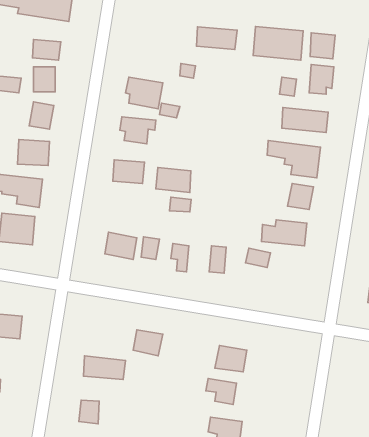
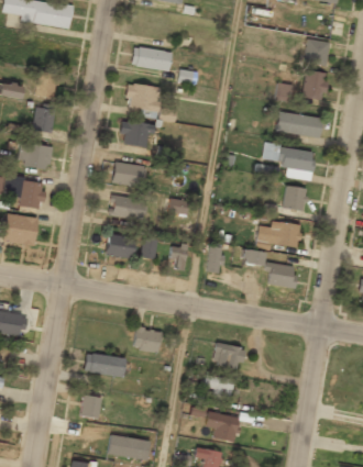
building: [253,26,303,60] -> none
building: [196,27,237,49] -> [132,47,172,69]
building: [156,167,191,192] -> [112,196,146,220]
building: none -> [264,262,297,288]

